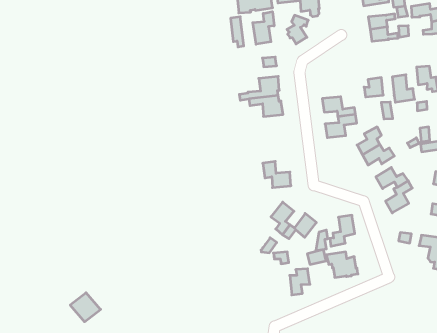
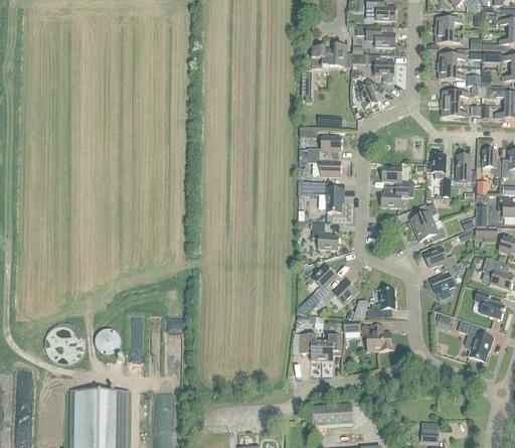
building: [253,12,274,44] -> none
building: none -> [301,181,343,211]
building: none -> [299,334,322,360]

